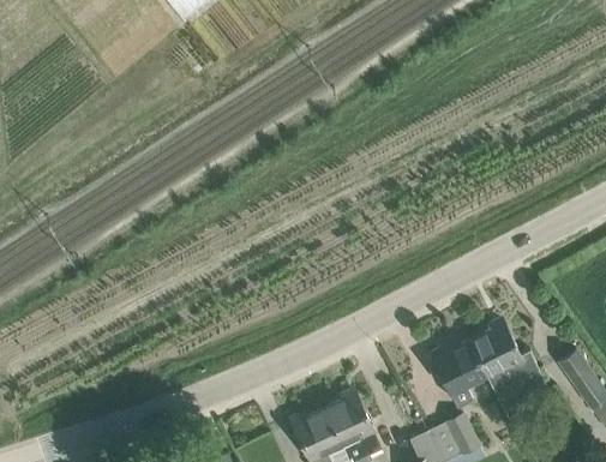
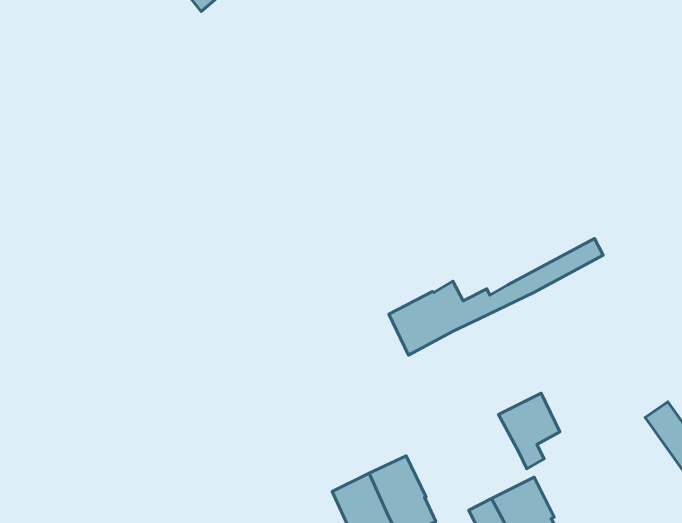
building: none -> [389,238,603,355]
building: [470,323,540,391] -> none

